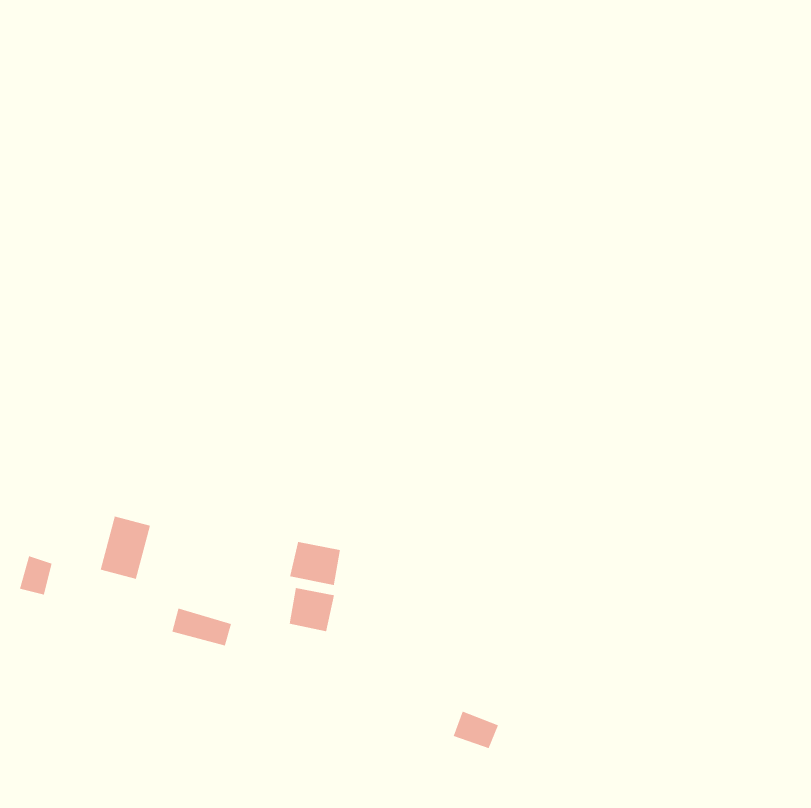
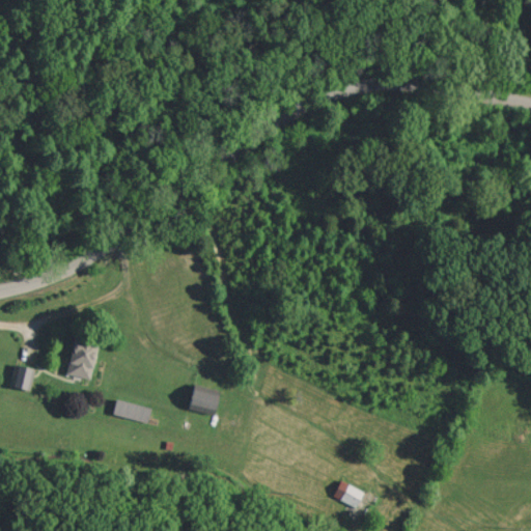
building: [290,541,341,586] -> none
building: [453,711,499,749] -> [333,482,363,507]

